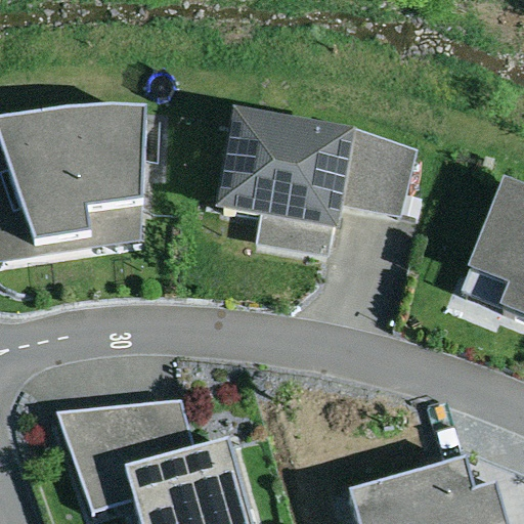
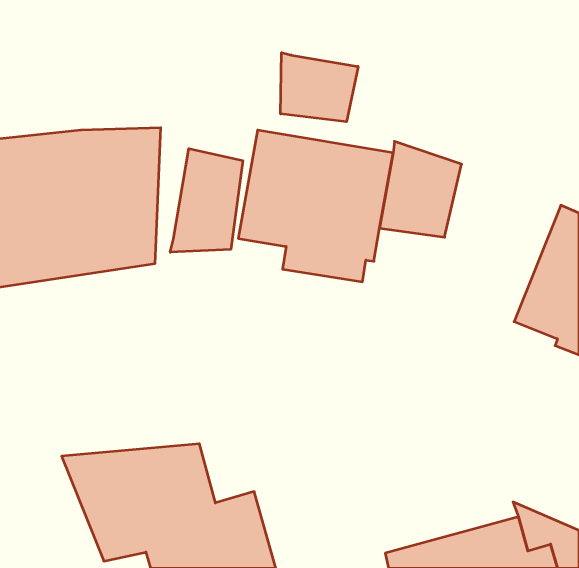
building: none -> [281,53,358,122]
building: none -> [170,149,243,252]

